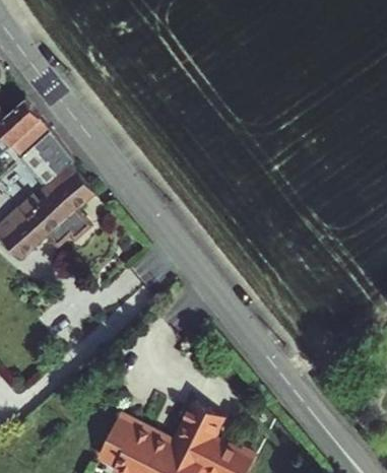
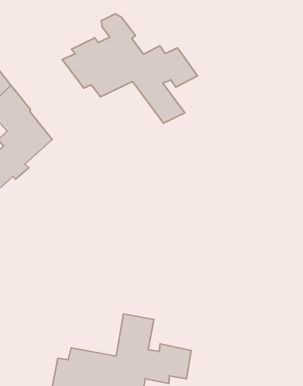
building: none -> [62,14,198,123]

